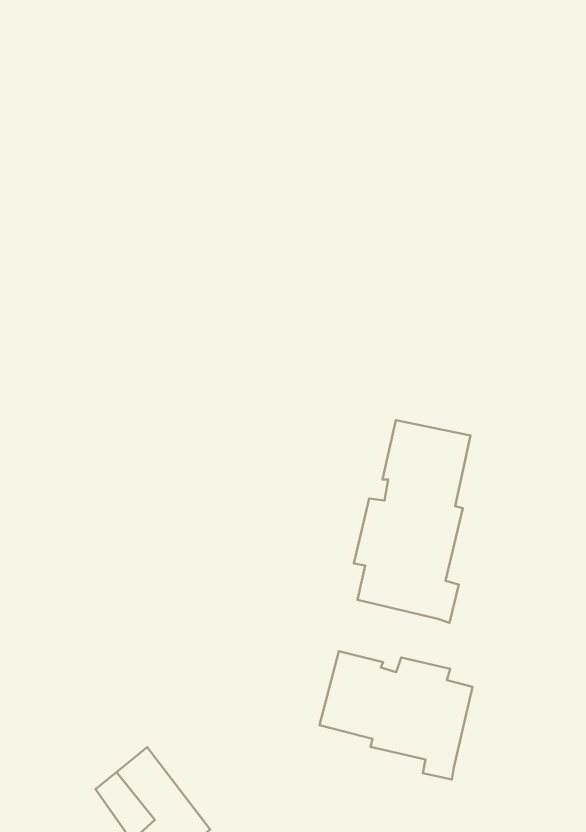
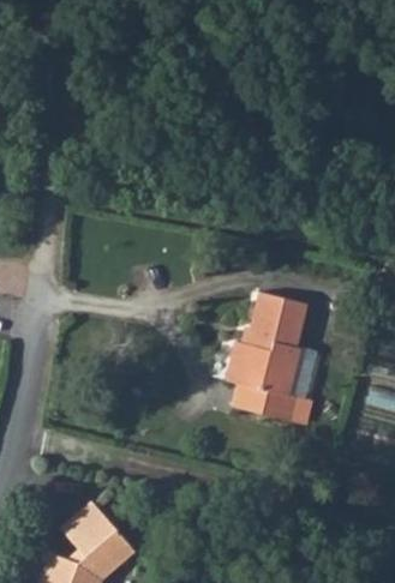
building: [320,651,473,779] -> none

